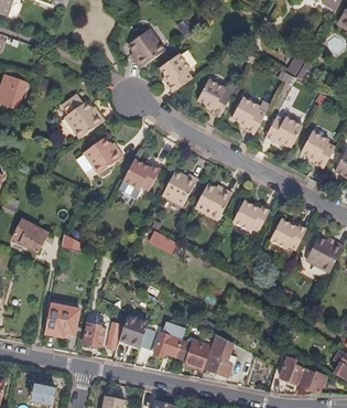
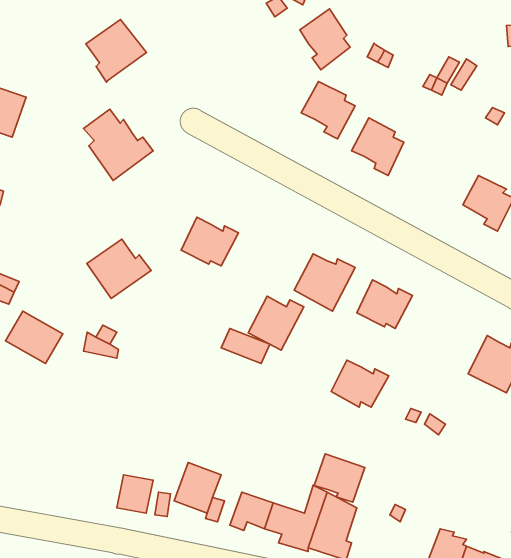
building: [126,29,164,68] -> [86,19,147,82]
building: [160,53,192,92] -> [300,9,350,70]
building: [265,116,302,147] -> none
building: [84,135,124,172] -> [87,239,151,298]
building: [162,171,197,205] -> [248,296,304,350]
building: [271,219,307,249] -> [331,360,389,407]
building: [45,303,79,335] -> none
building: none -> [314,454,365,502]

